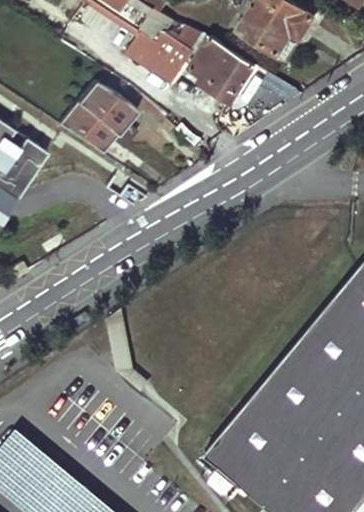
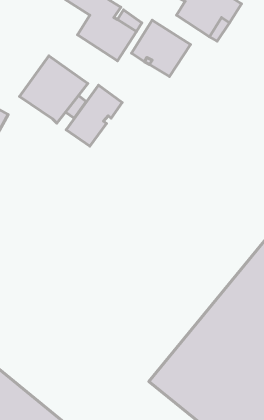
building: none -> [66,85,122,146]

